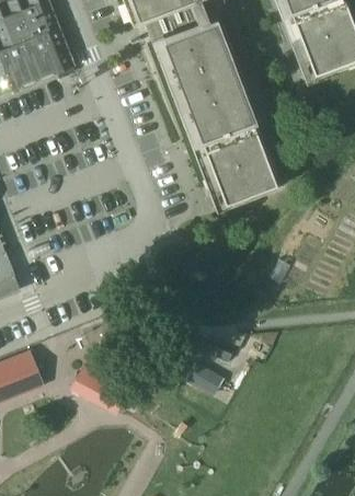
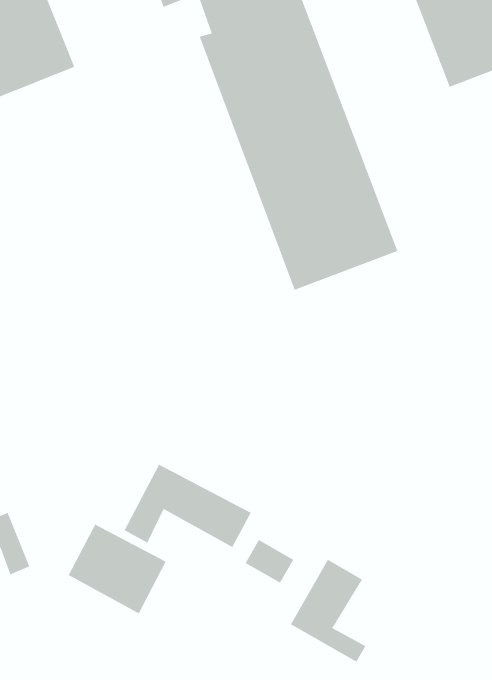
building: none -> [124,464,251,548]
building: none -> [290,559,366,663]

